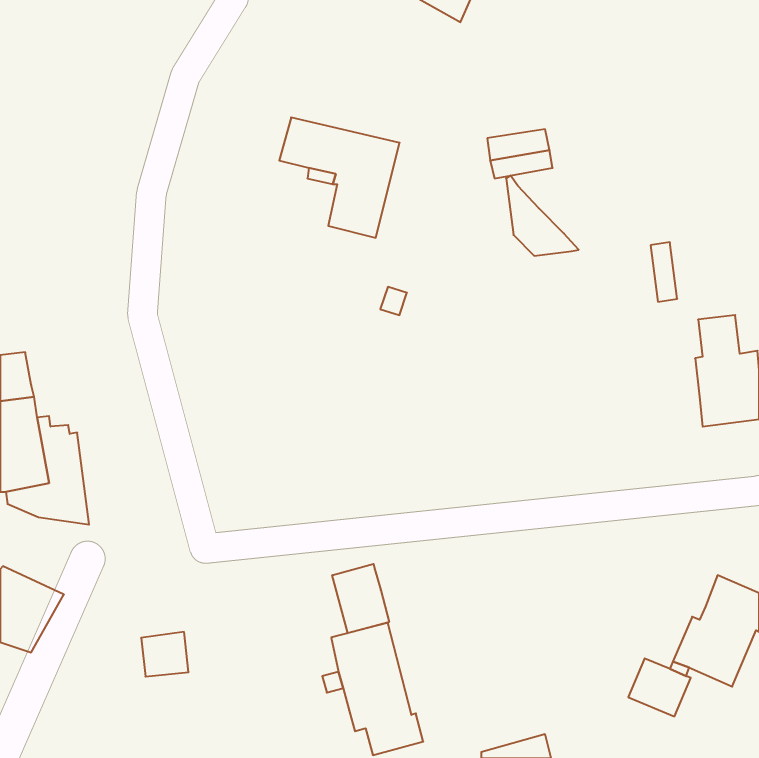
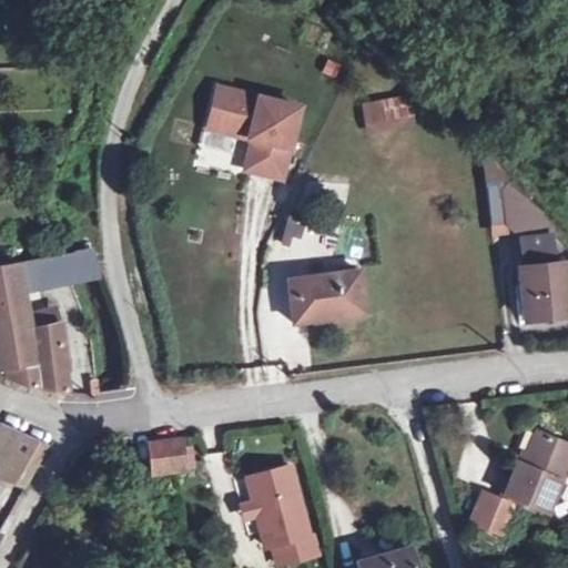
building: [506,175,579,256] -> [500,179,555,239]
building: none -> [19,247,98,287]
building: none -> [287,270,364,322]
building: [332,564,389,633] -> none
building: [141,632,189,677] -> [149,438,184,471]

